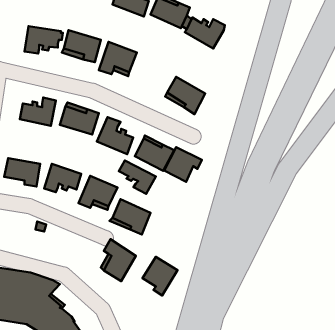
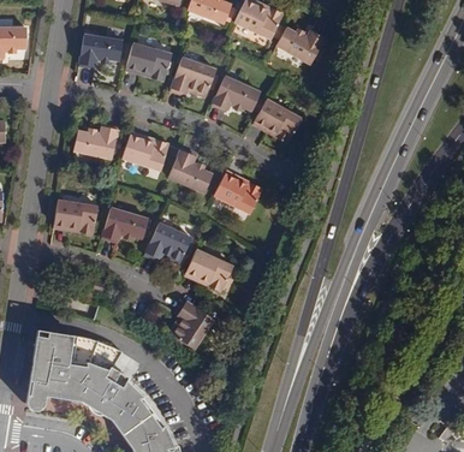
building: none -> [212,75,261,109]
building: [164,147,202,182] -> none
building: [119,161,156,194] -> none
building: [143,257,178,295] -> none

